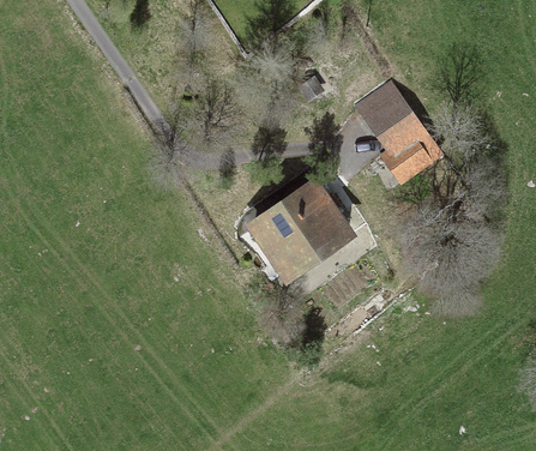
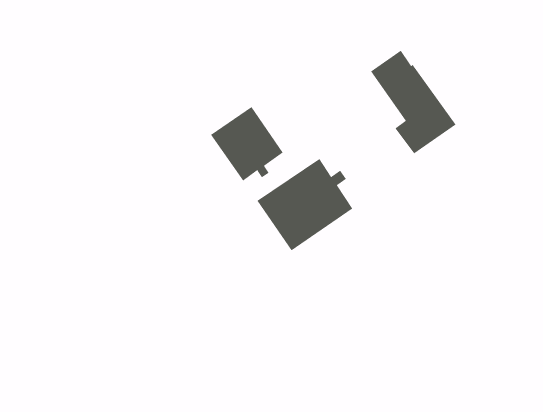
building: none -> [210,106,284,181]

